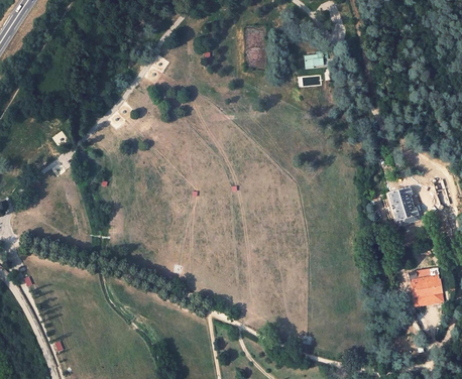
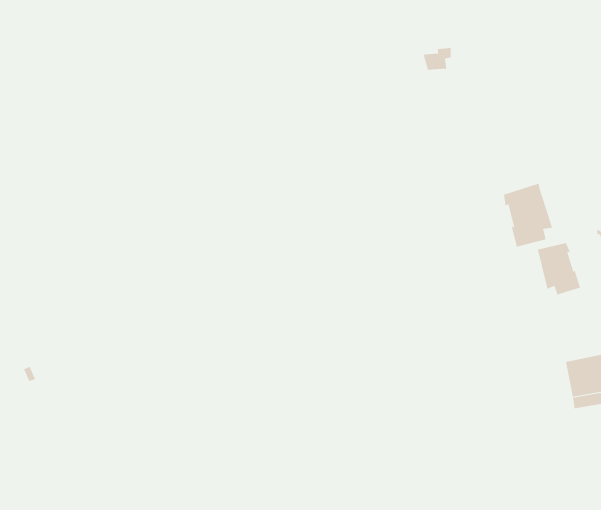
building: none -> [503,183,553,248]

